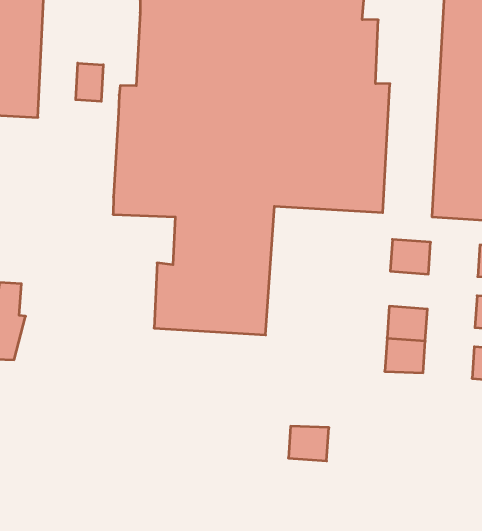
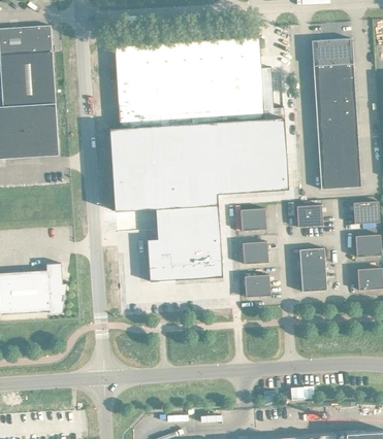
building: [76,63,103,101] -> none
building: none -> [241,208,266,231]
building: none -> [243,241,268,264]
building: [288,426,329,461] -> [245,274,270,297]

